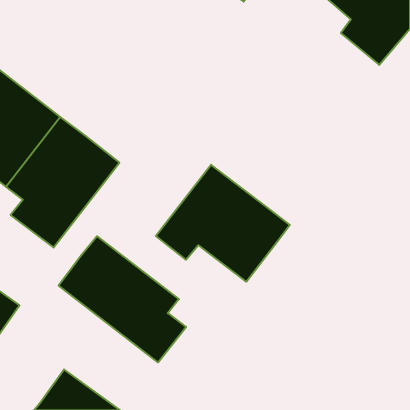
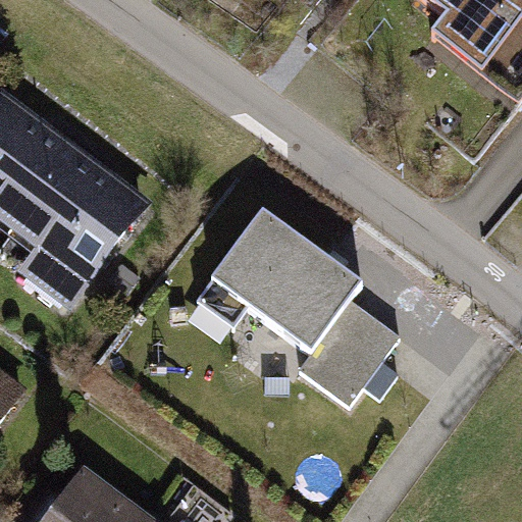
building: [59,236,186,362] -> none
building: none -> [297,303,397,407]

